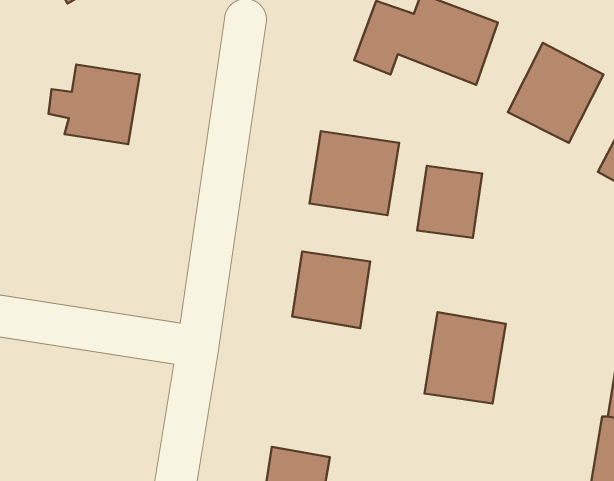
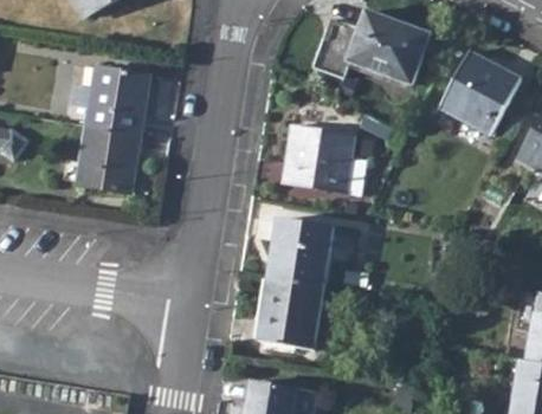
building: none -> [73,125,134,192]
building: [417,166,482,238] -> none
building: [425,312,506,404] -> [257,274,323,349]

